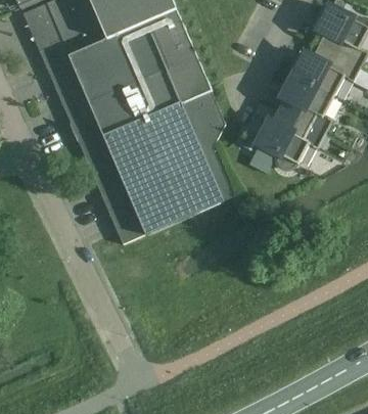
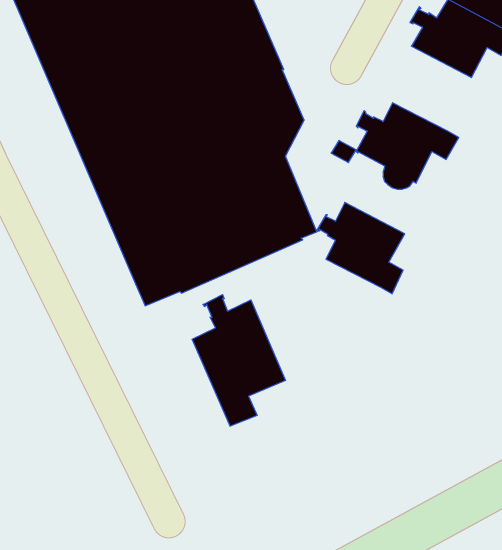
building: [276,73,333,132] -> [316,202,405,294]
building: none -> [192,295,286,426]

